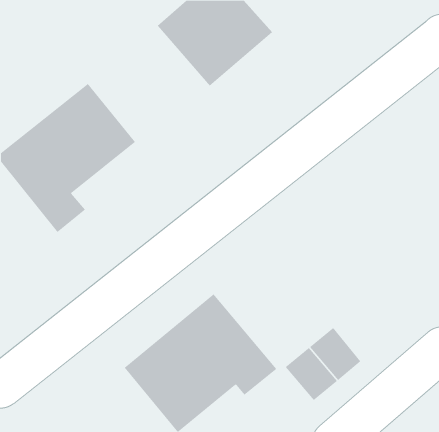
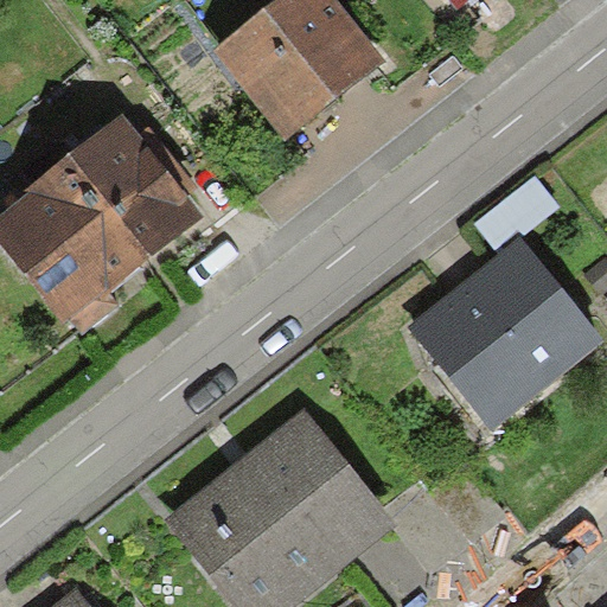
building: none -> [415,242,588,411]

